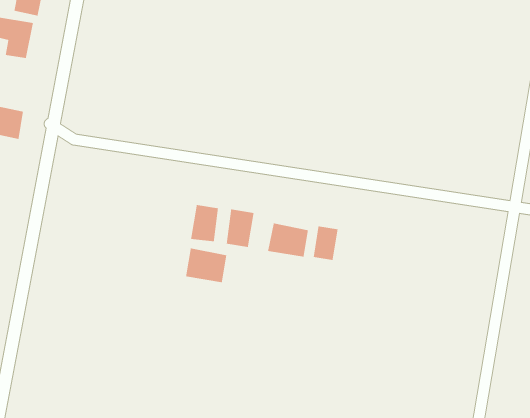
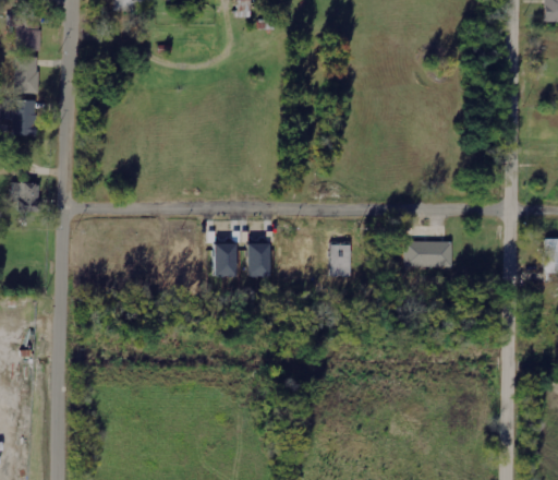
building: [267,223,309,257] -> none
building: none -> [404,241,452,266]
building: [185,247,227,283] -> none

